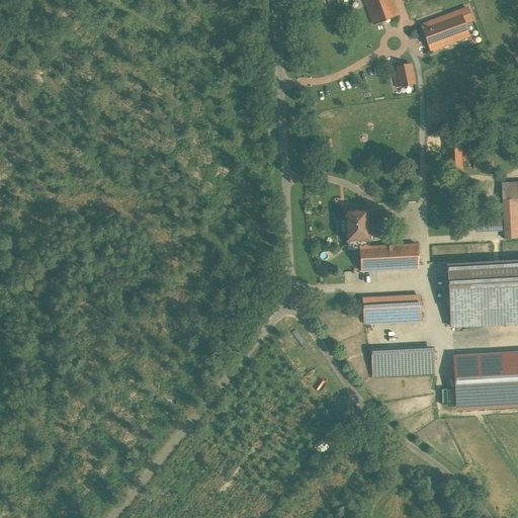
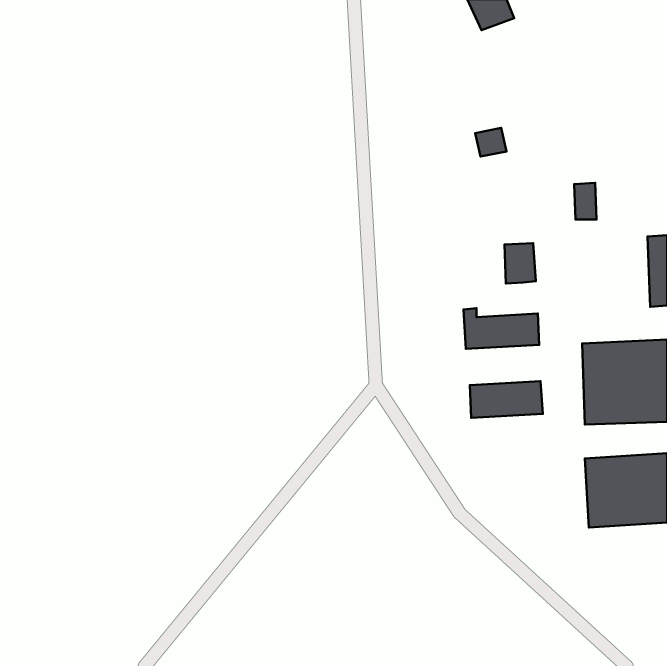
building: [423,7,471,50] -> none
building: [392,64,416,86] -> [475,128,507,157]
building: [345,209,369,241] -> [504,243,536,284]
building: [371,348,435,375] -> none

